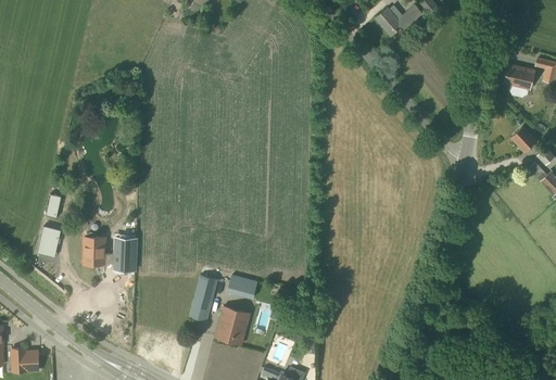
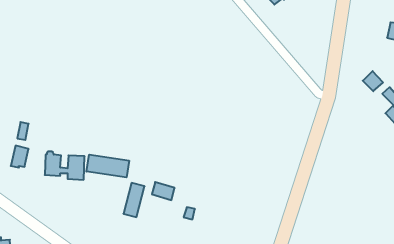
building: [504,64,534,97] -> none
building: none -> [86,155,129,177]
building: [214,306,250,344] -> none

